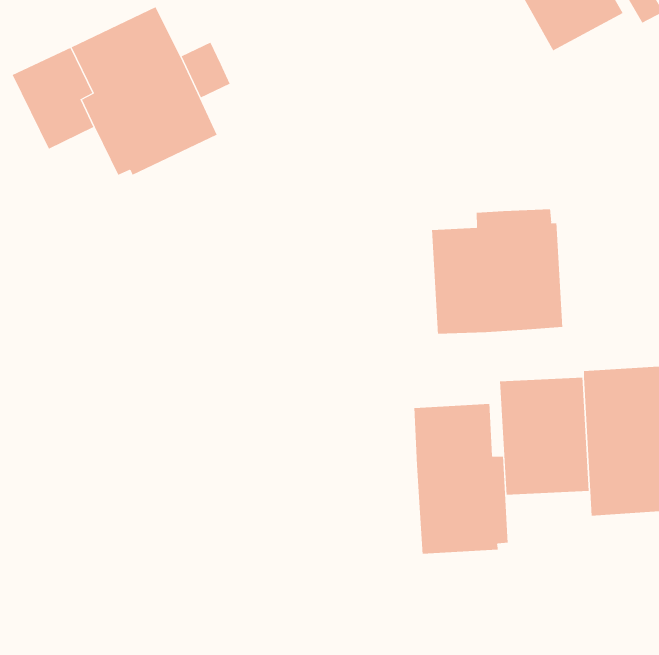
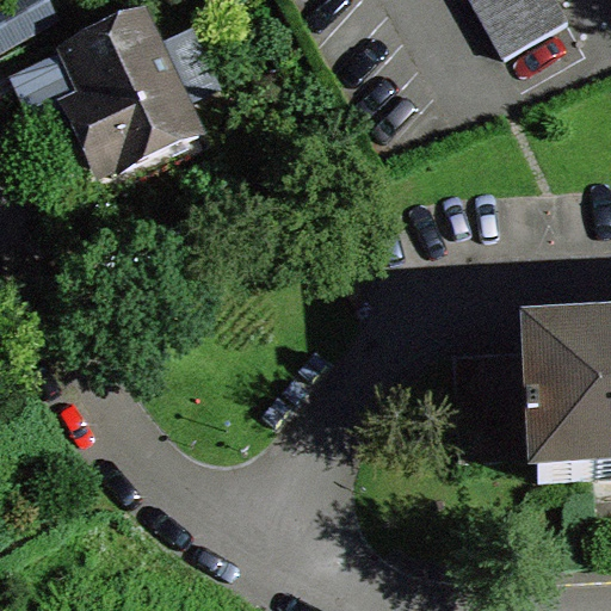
building: [431,208,563,334] -> none
building: [414,403,508,555] -> none

